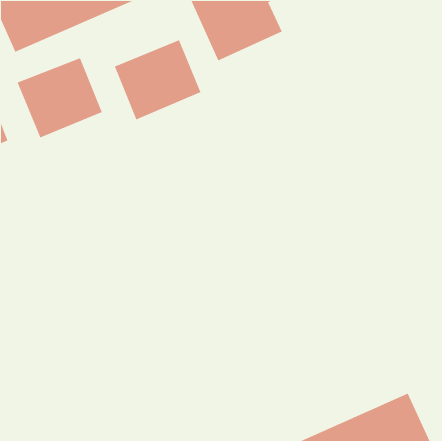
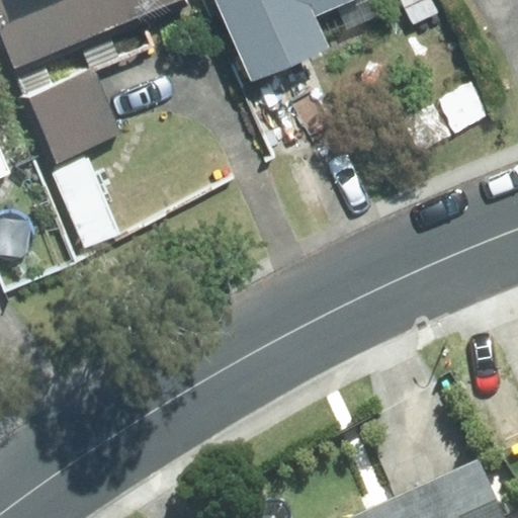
building: [114,39,202,121] -> none

